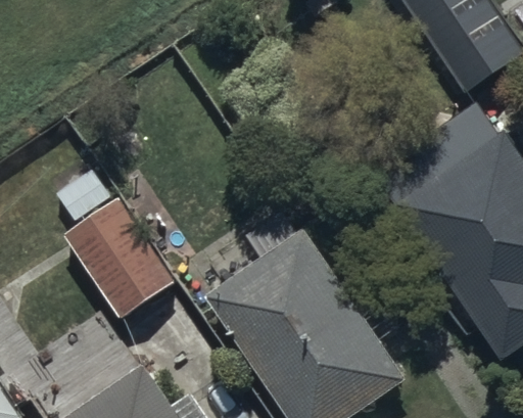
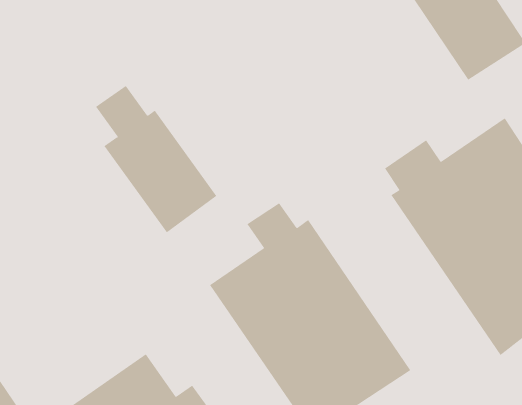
building: [61,174,182,320] -> [95,85,217,233]

